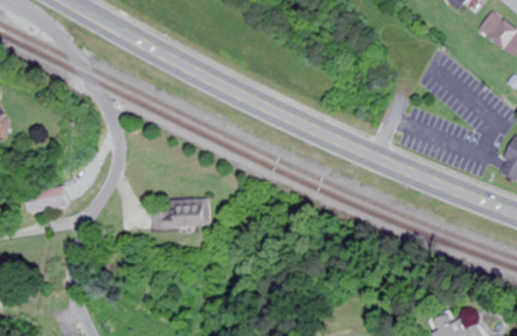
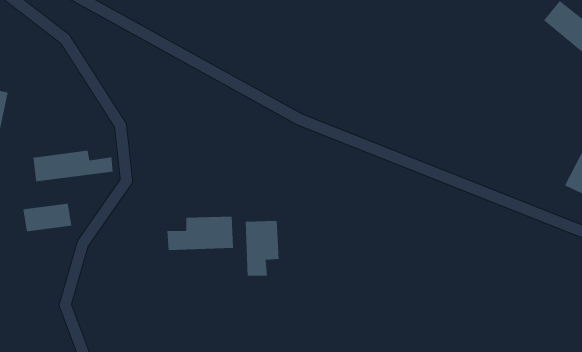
building: none -> [33,150,113,182]
building: none -> [245,220,279,276]

